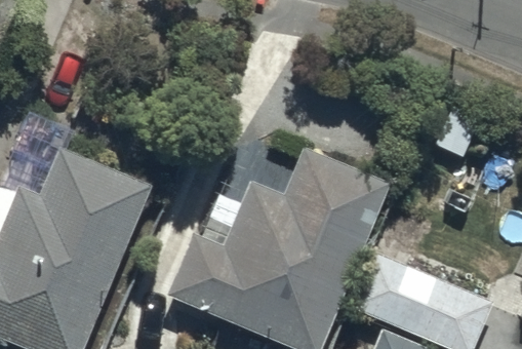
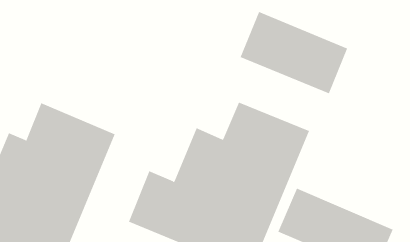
building: none -> [240,11,348,94]

